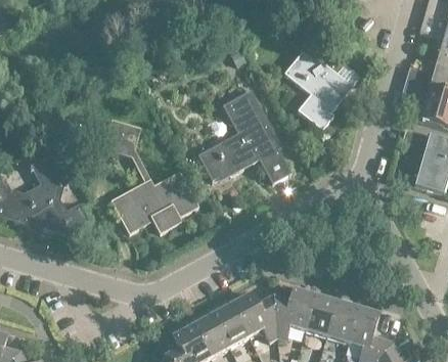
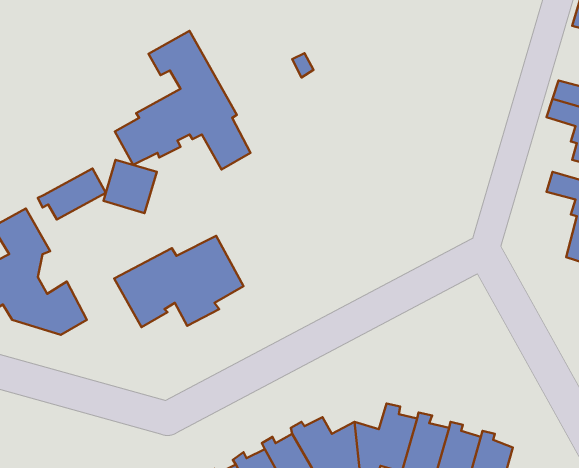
building: [284,51,360,130] -> none
building: [199,90,290,183] -> [115,31,250,170]
building: none -> [38,169,106,220]

